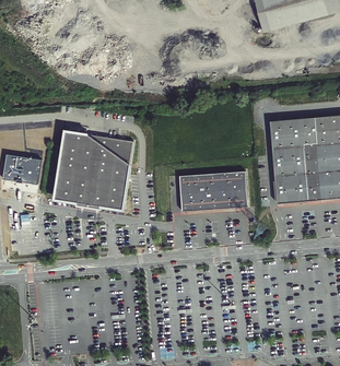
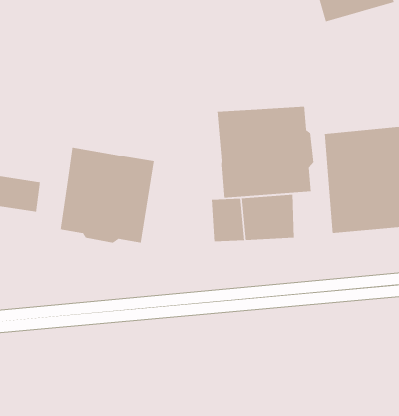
building: none -> [217,106,314,199]

